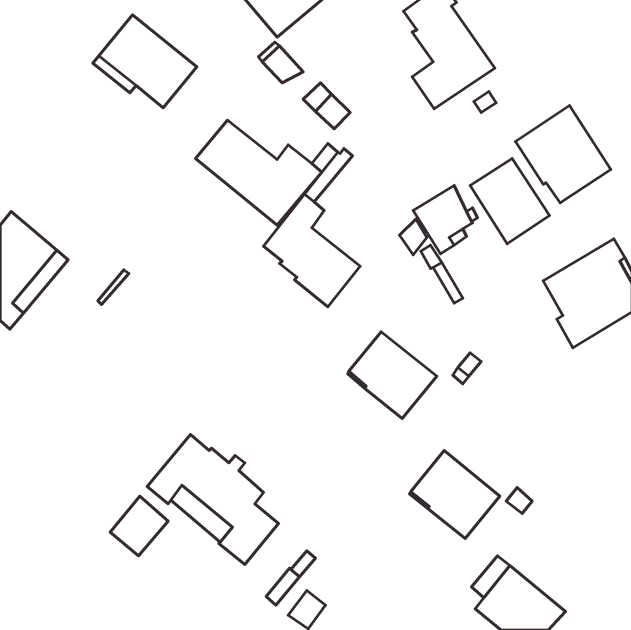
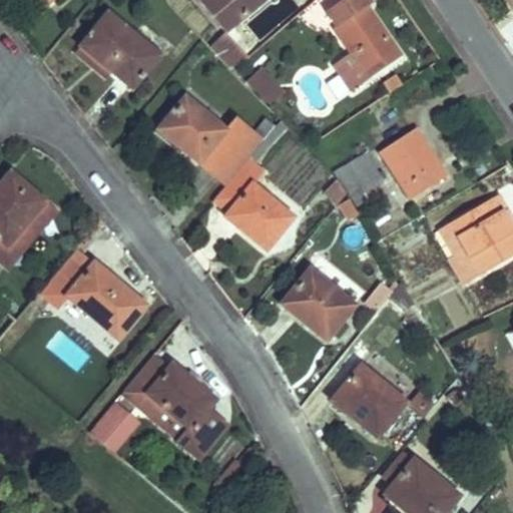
building: [515,105,611,203] -> none
building: none -> [41,250,145,338]

